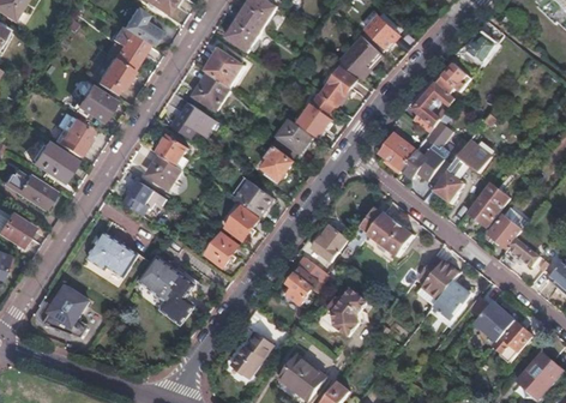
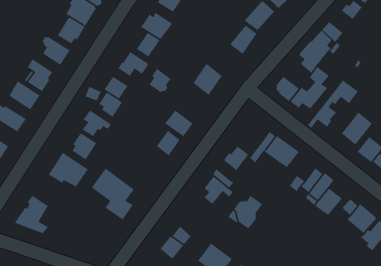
building: [297,92,335,136] -> none
building: [263,146,293,180] -> [148,68,171,94]
building: none -> [71,133,97,160]
building: [205,233,237,265] -> none

